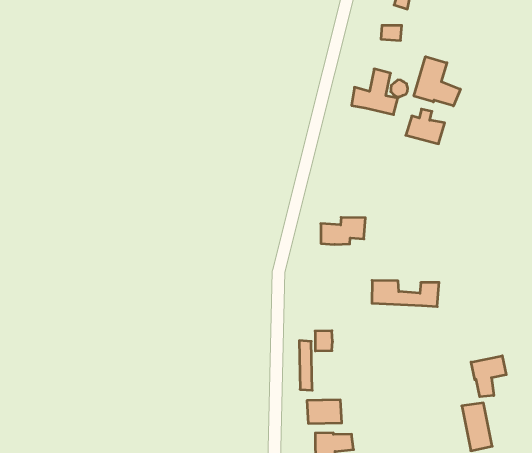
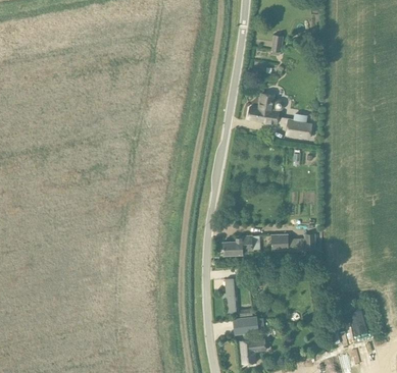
building: [414,57,460,106] -> none
building: [321,217,365,244] -> [222,234,252,254]
building: [471,356,506,397] -> none

